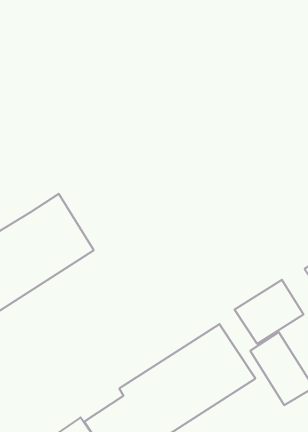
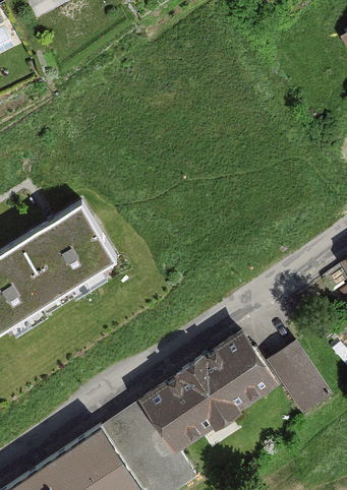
building: [235,280,303,344] -> none

